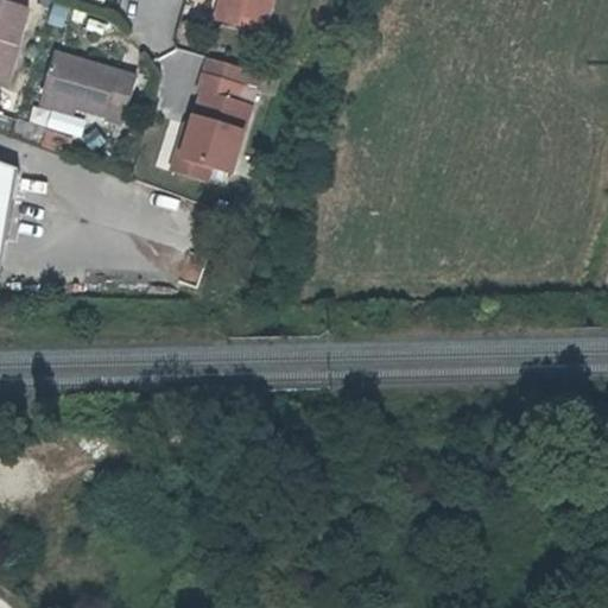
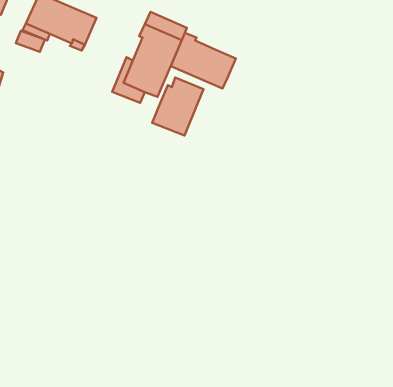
building: none -> [171,33,236,88]
building: none -> [152,77,204,136]

